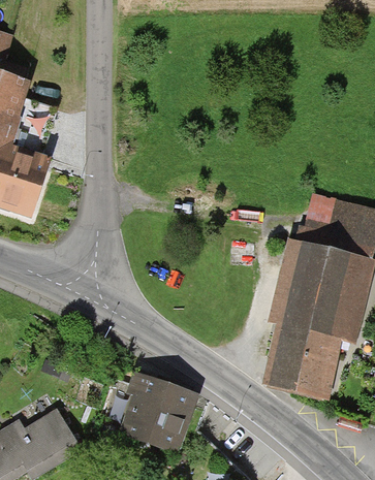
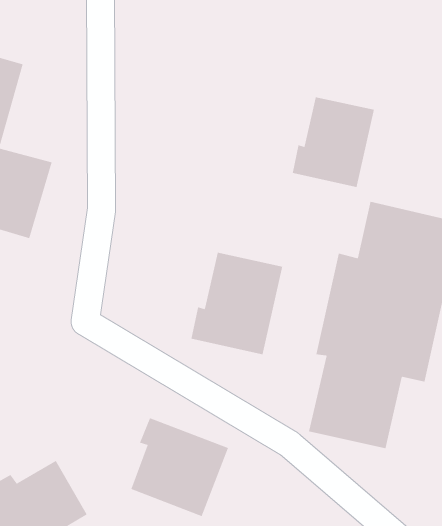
building: none -> [292,96,374,188]
building: none -> [191,252,283,355]

